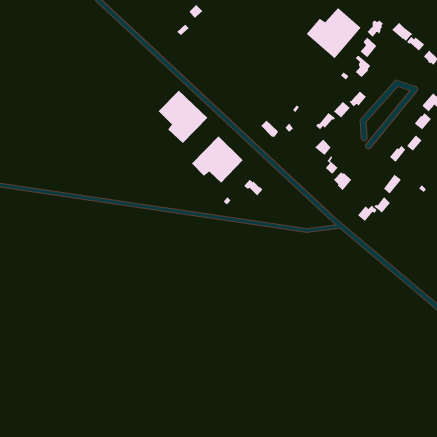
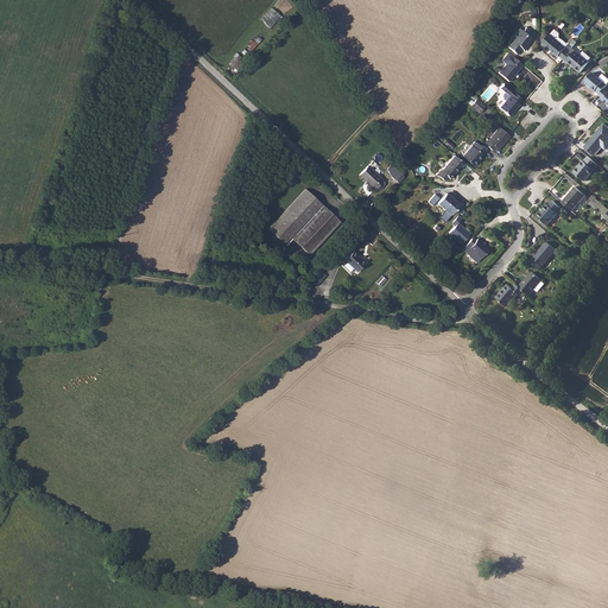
building: [306,7,361,59] -> none
building: [158,90,208,144] -> none

